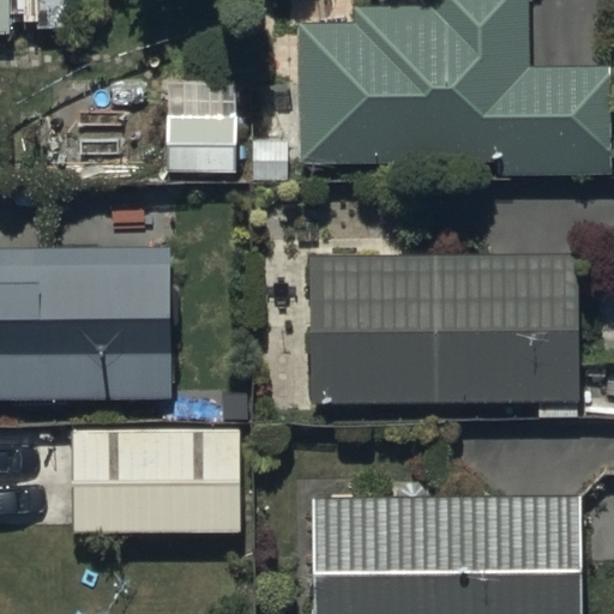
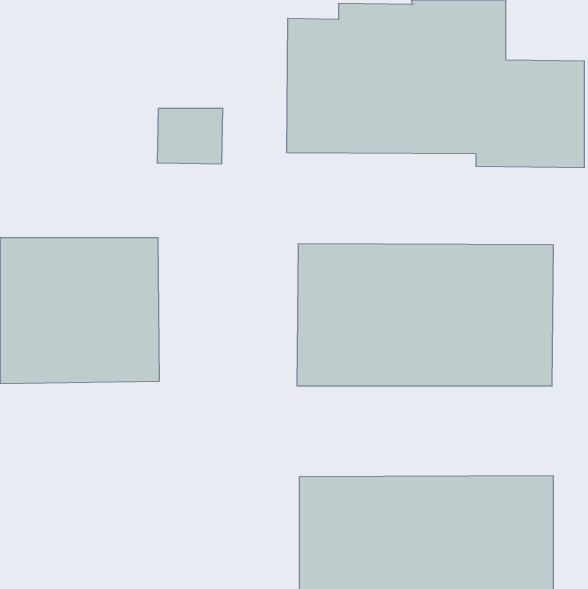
building: [68,429,245,530] -> none

